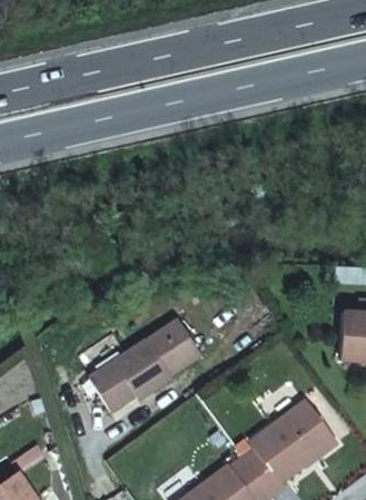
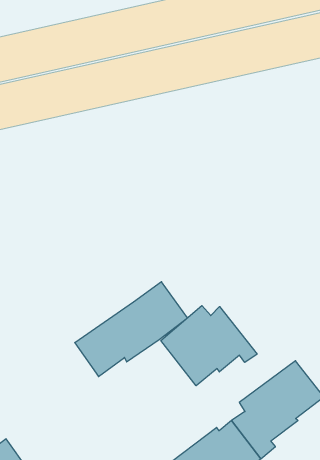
building: none -> [161,306,257,386]

